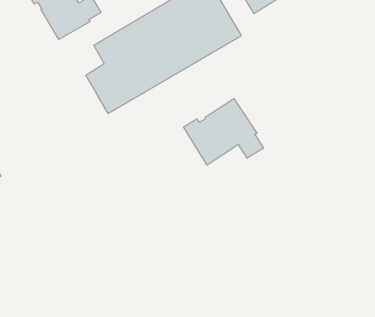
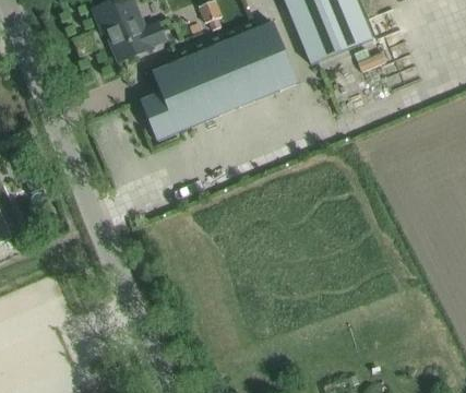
building: [183,98,263,165] -> none

